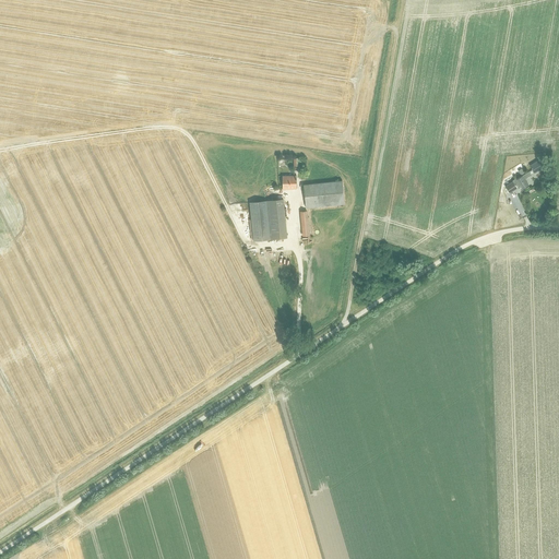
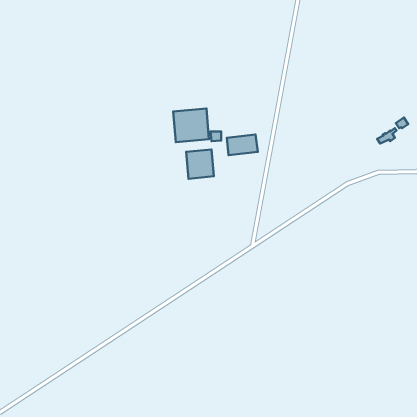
building: none -> [173,108,209,142]

